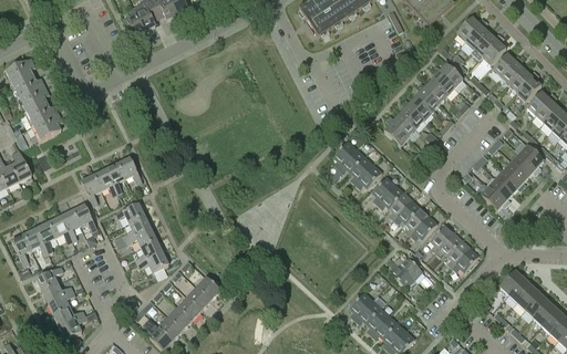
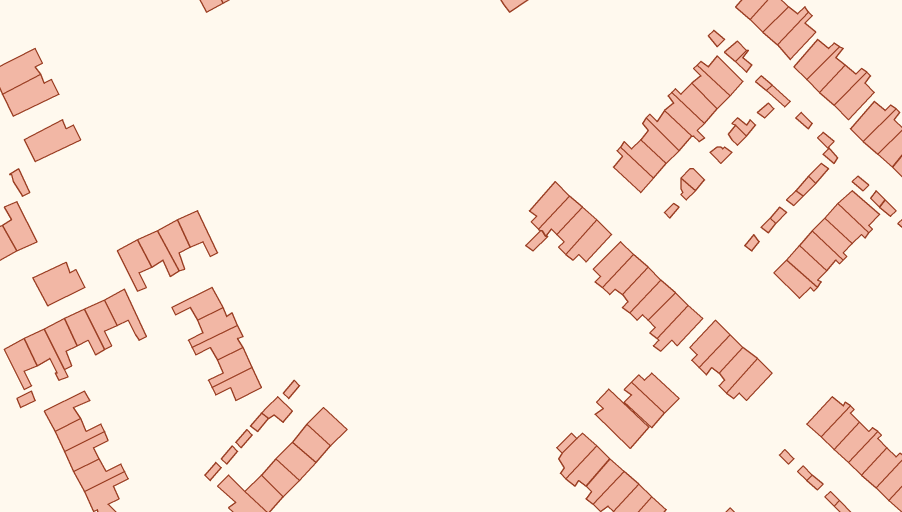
building: [18,86,50,114] -> none
building: [31,114,63,142] -> none
building: none -> [33,262,85,306]
building: none -> [595,389,649,448]

